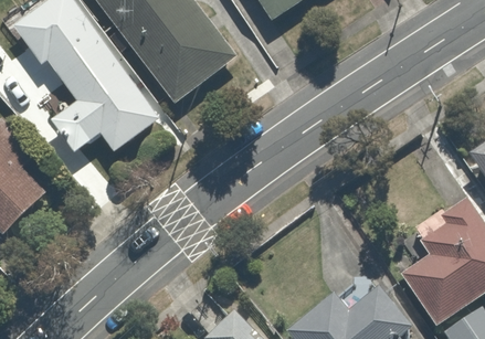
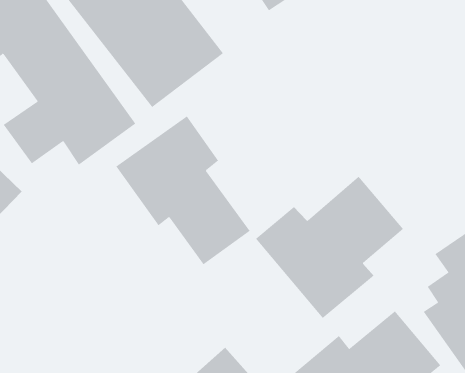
building: none -> [116,116,251,265]
building: none -> [255,176,404,319]

